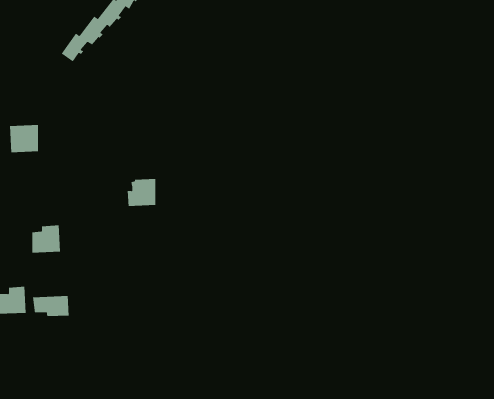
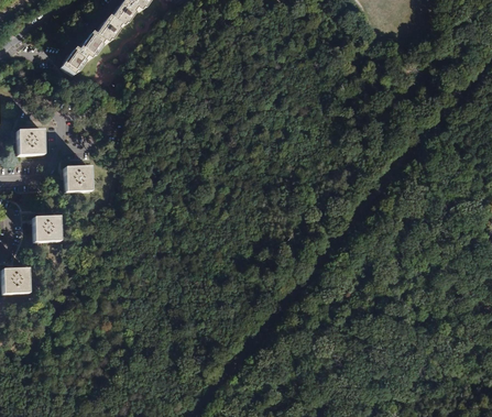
building: [127,178,156,207] -> [64,166,90,191]
building: [33,295,69,317] -> none

